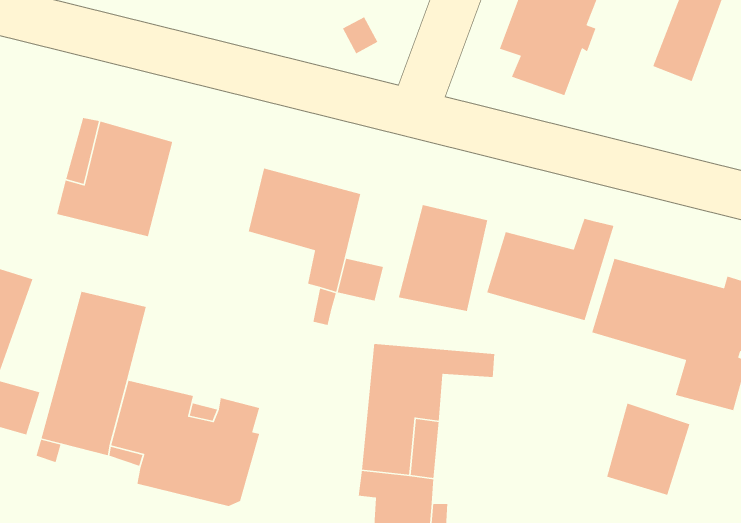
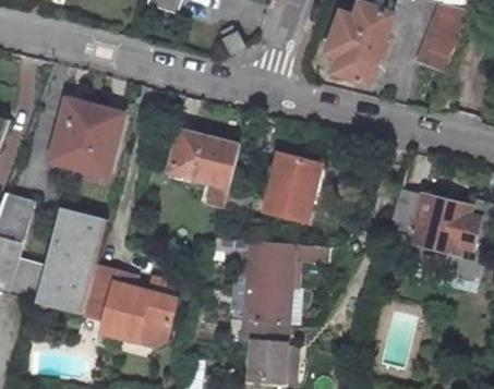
building: [486,218,614,321] -> none
building: [606,402,691,496] -> none

